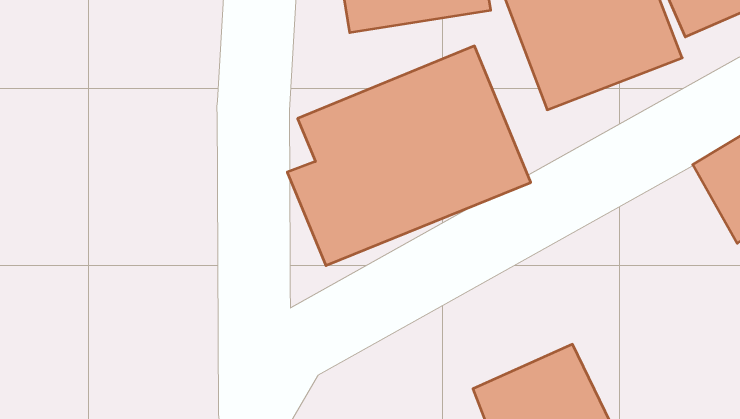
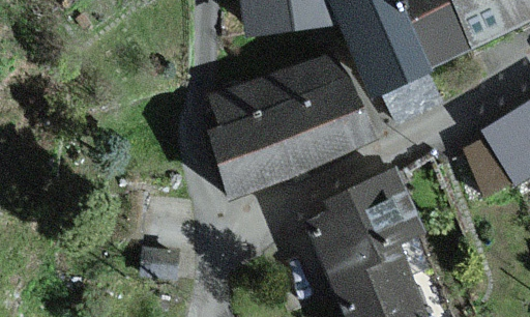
building: none -> [303,172,423,286]

